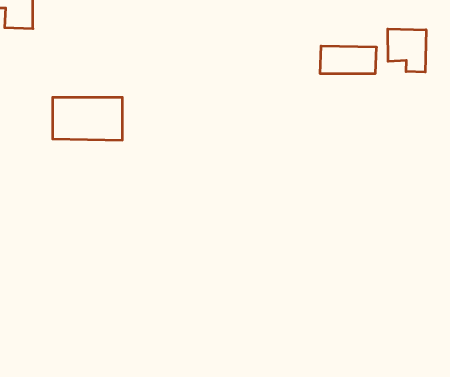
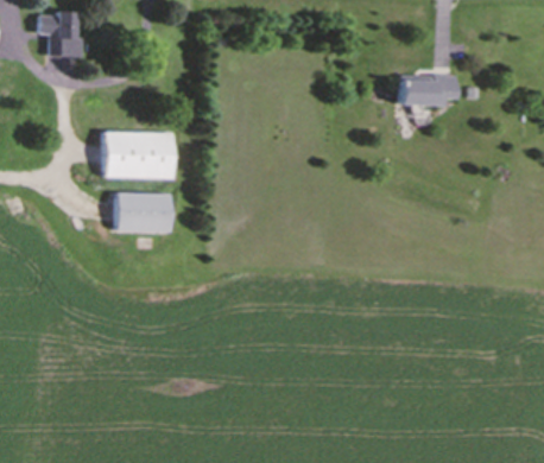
building: [388,29,426,72] -> none
building: none -> [114,194,175,232]

